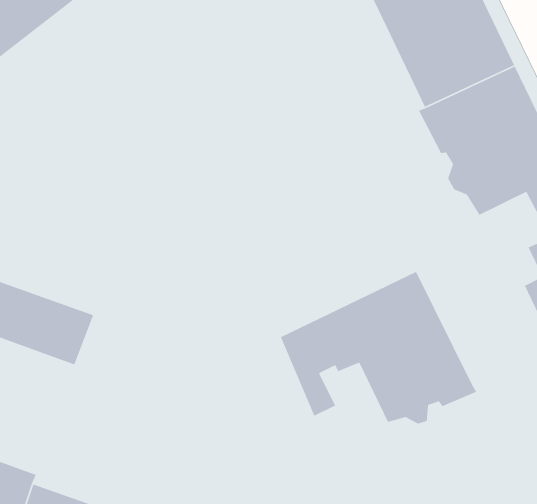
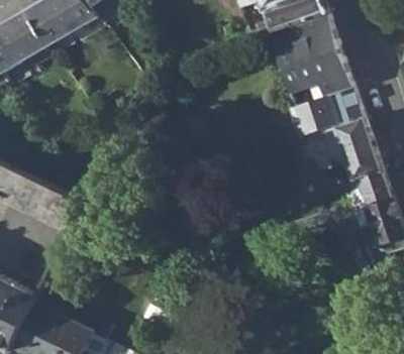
building: [280,271,477,425] -> none

